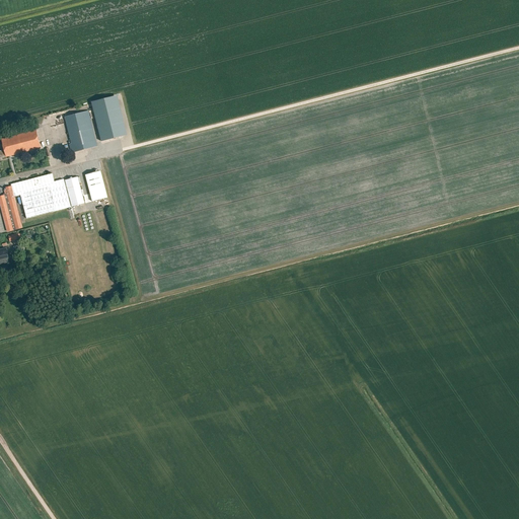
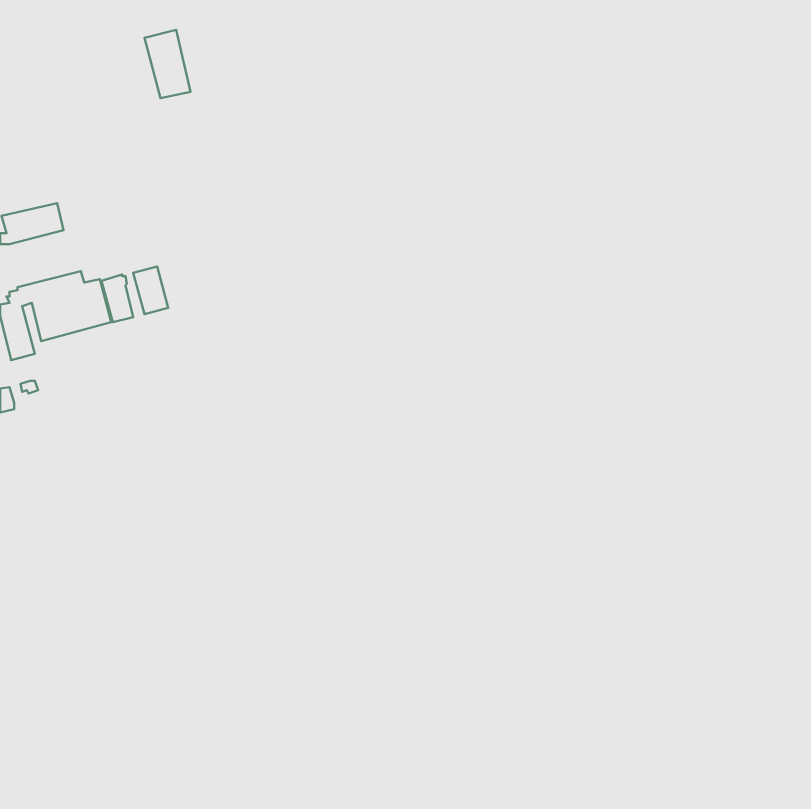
building: [91,96,121,140] -> [145,30,191,98]
building: [65,109,97,152] -> none

